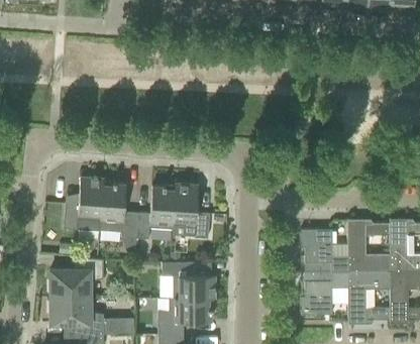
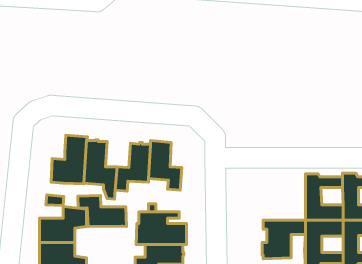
building: [300,219,348,271] -> none
building: none -> [78,196,127,226]

